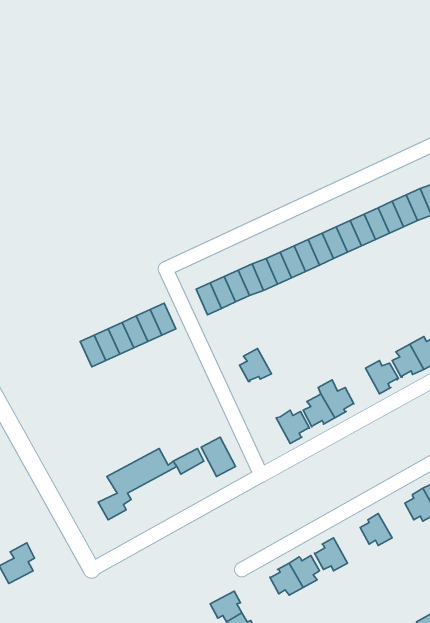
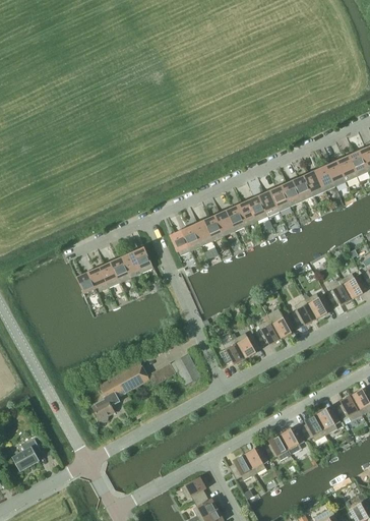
building: [240,348,271,382] -> [220,338,245,364]
building: none -> [291,298,316,325]
building: none -> [315,408,341,433]
building: none -> [280,427,305,454]

